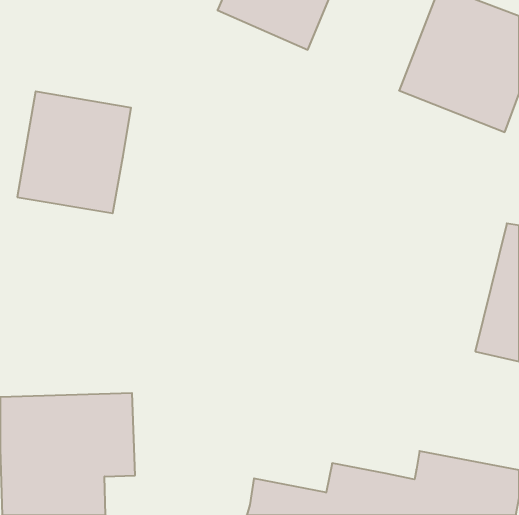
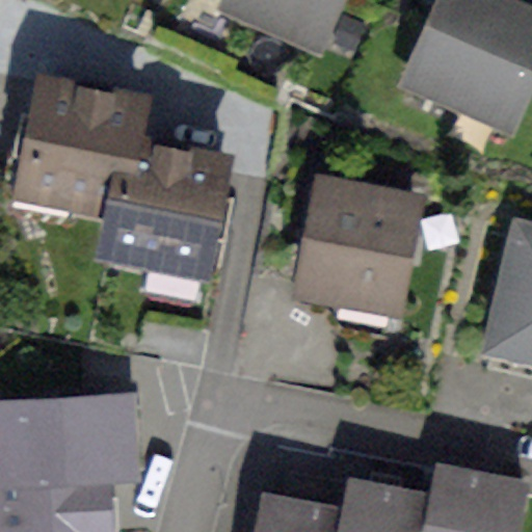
building: none -> [108,161,227,275]
building: none -> [295,187,421,314]

